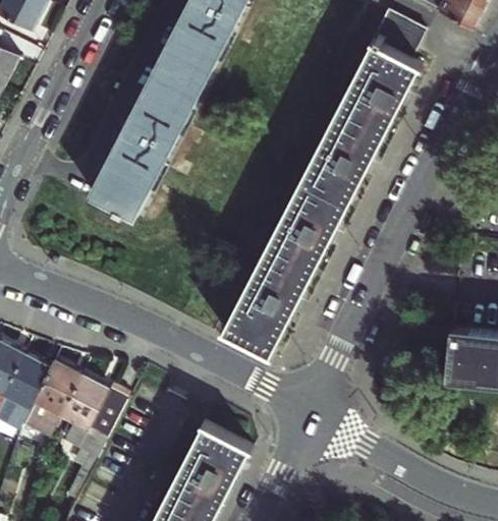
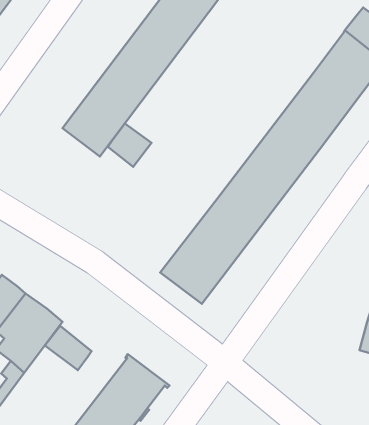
building: none -> [108,124,152,167]
building: none -> [45,326,92,370]

